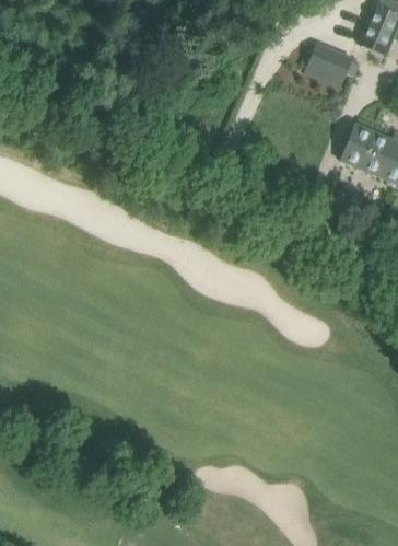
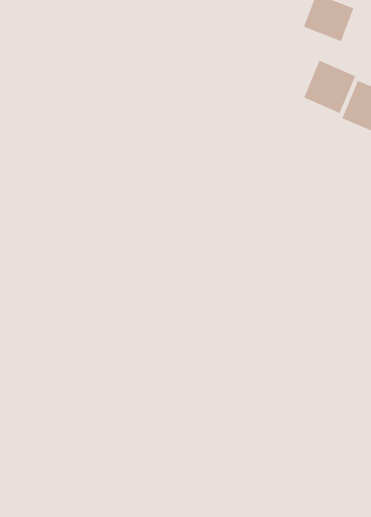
building: none -> [303,60,356,114]

